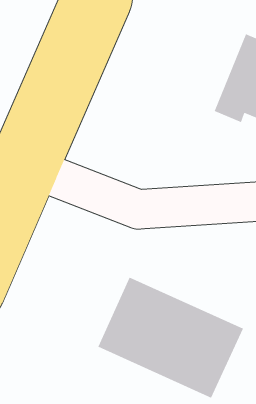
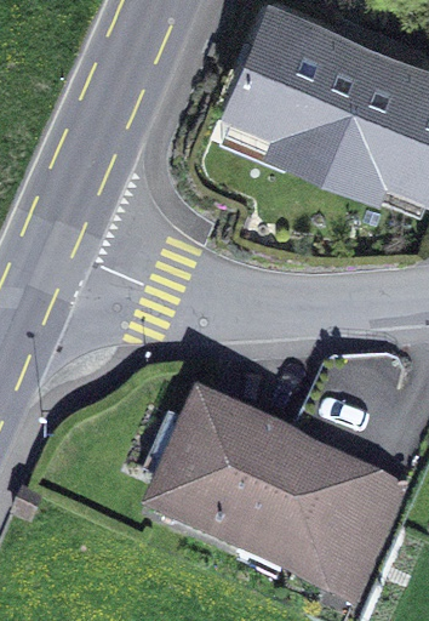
building: none -> [236,12,372,164]

